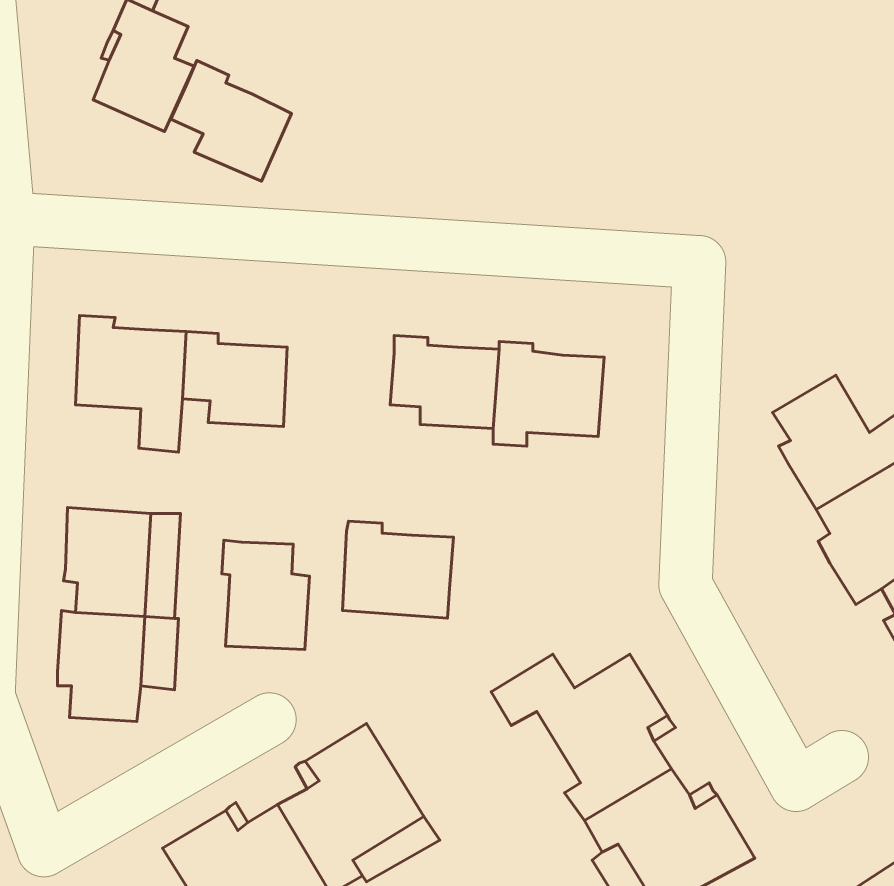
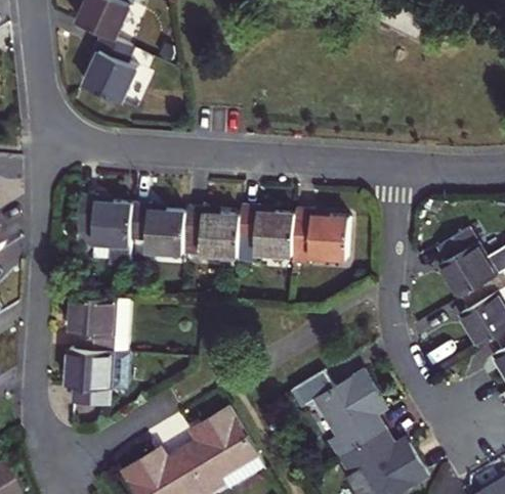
building: [171,61,292,181] -> none
building: [343,521,453,618] -> [183,208,241,258]
building: [222,540,309,650] -> none

